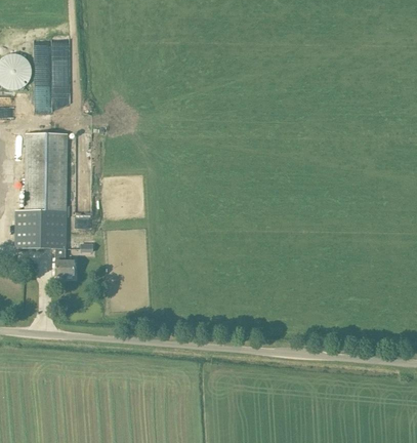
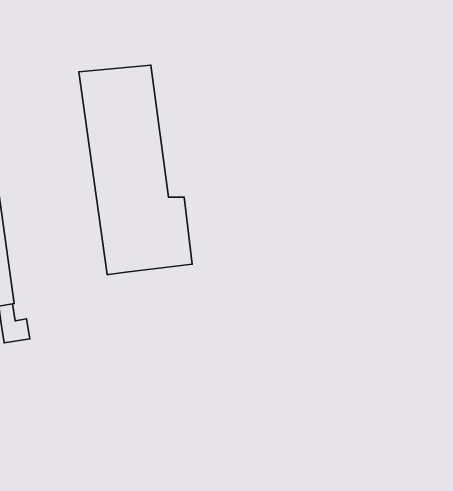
building: none -> [79,65,192,275]

